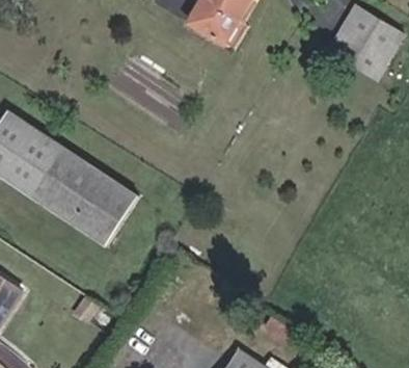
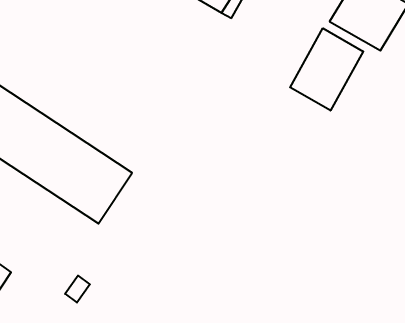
building: none -> [290,28,363,111]

